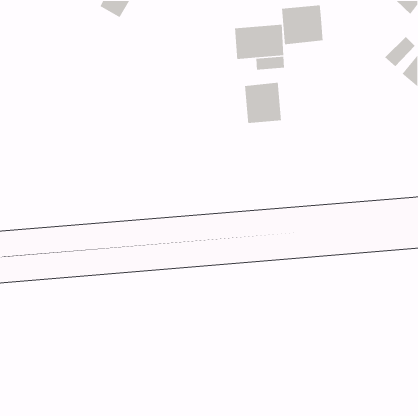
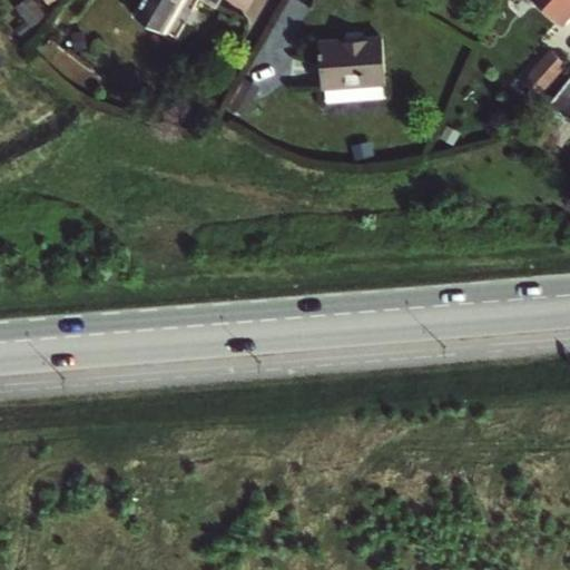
building: [281,4,324,45] -> none
building: [244,82,282,124] -> none

